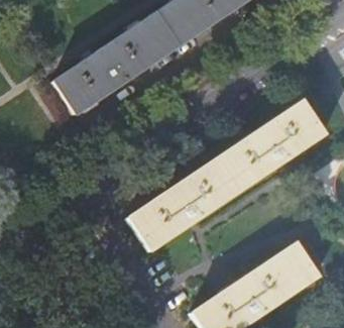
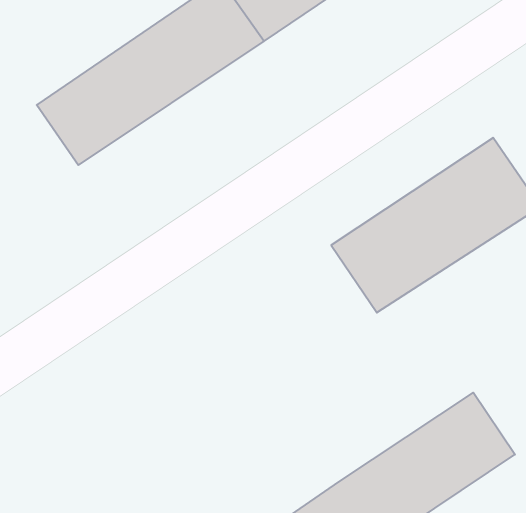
building: [130,157,243,254] -> none

